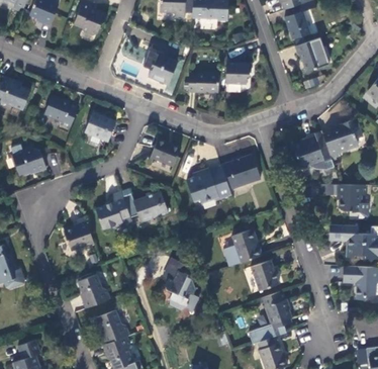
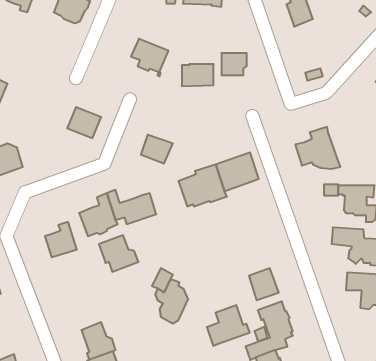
building: [296,39,329,72] -> none
building: [43,96,78,128] -> none
building: [324,119,364,160] -> none
building: [223,229,263,267] -> [207,305,250,346]
building: [77,275,113,308] -> [99,235,139,272]

